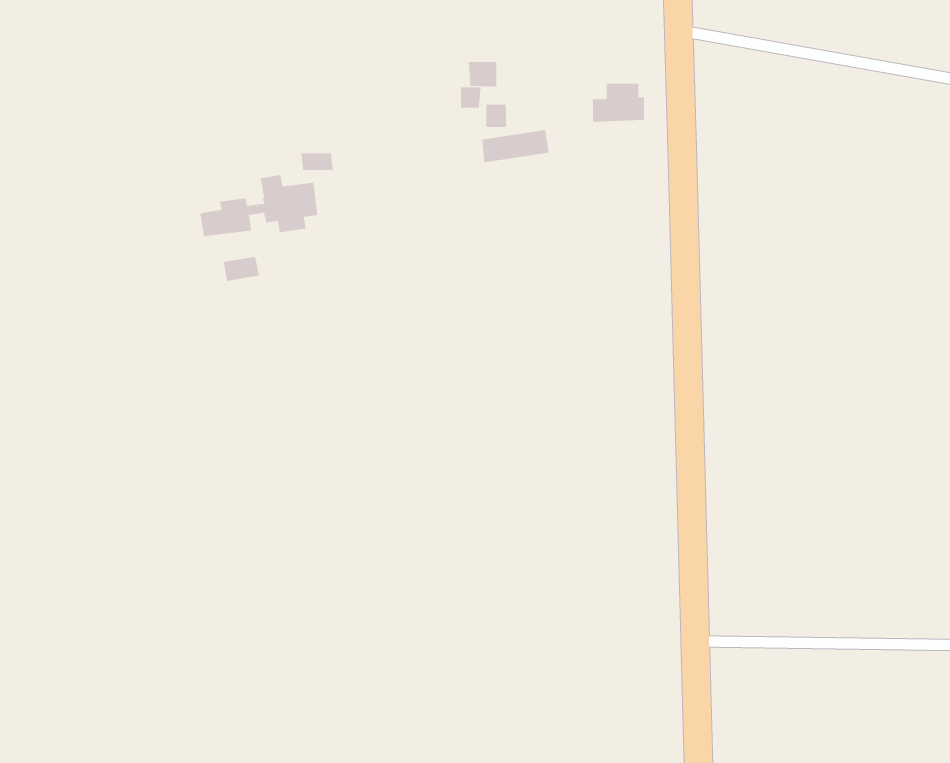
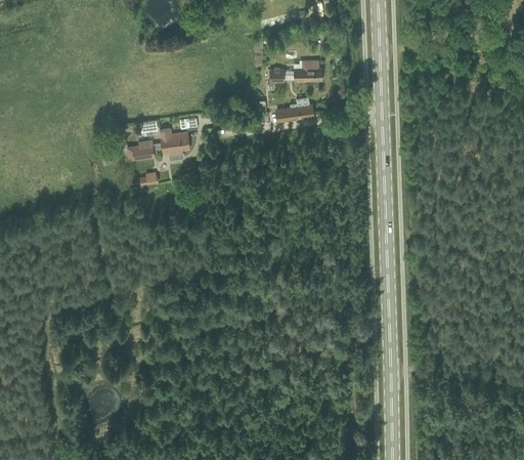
building: [592,83,645,122] -> [295,59,322,80]

